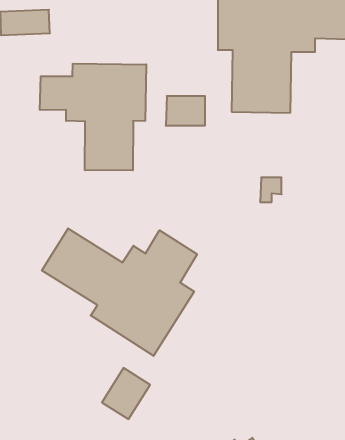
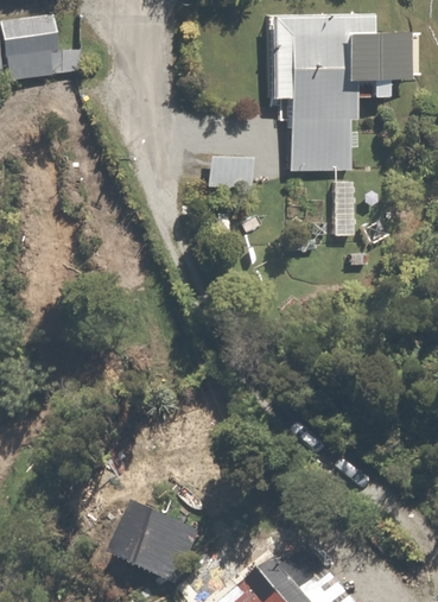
building: [40,64,146,170] -> none
building: [42,228,197,356] -> none

